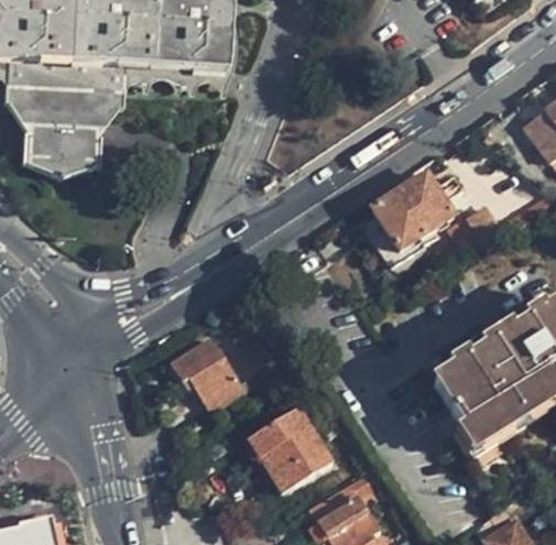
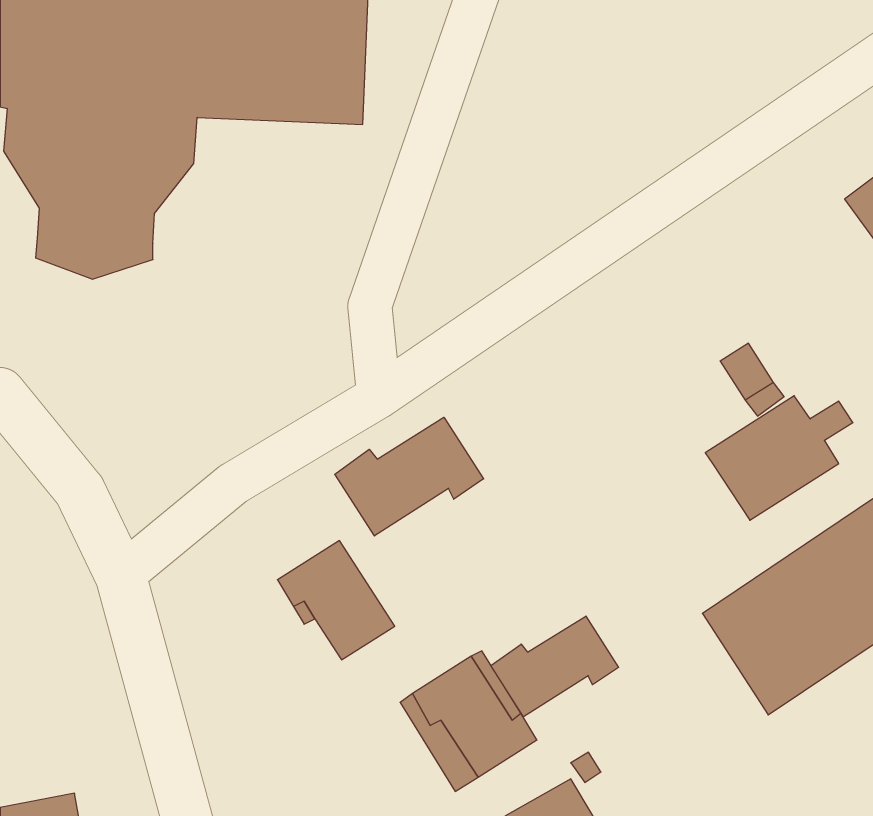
building: [371,173,462,250] -> [705,396,853,520]
building: none -> [335,417,484,536]
building: none -> [491,616,619,717]

